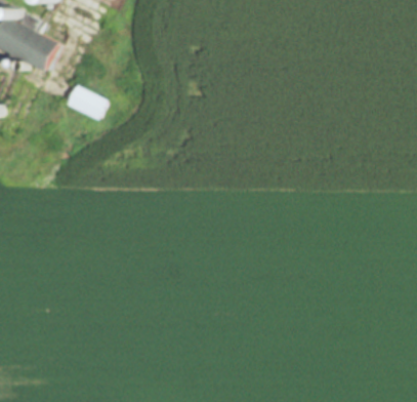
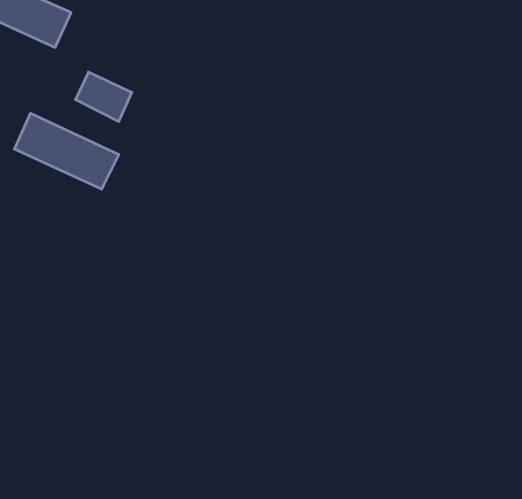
building: none -> [14,113,119,189]

